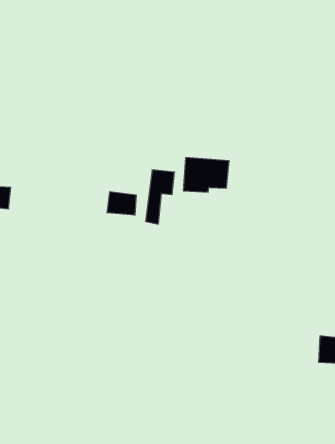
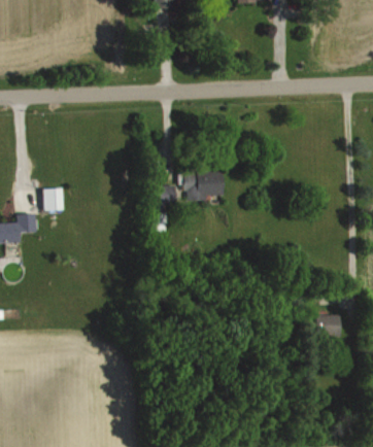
building: none -> [44,188,64,210]
building: [107,192,136,215] -> none

